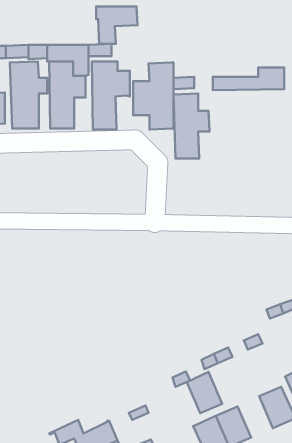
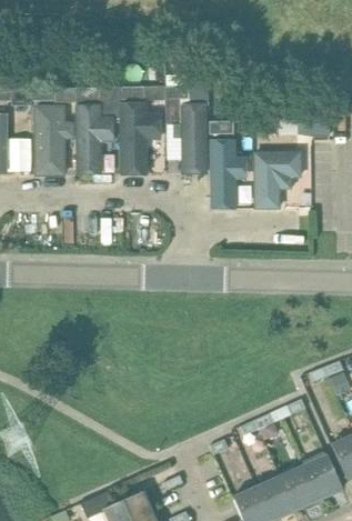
building: [96,7,138,44] -> [163,86,208,126]
building: none -> [255,151,304,210]
building: [187,372,222,413] -> [279,464,316,509]

